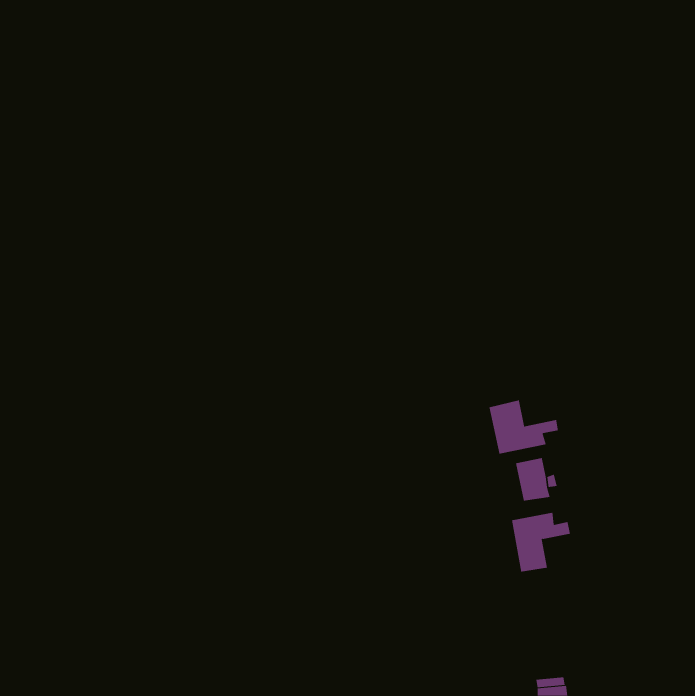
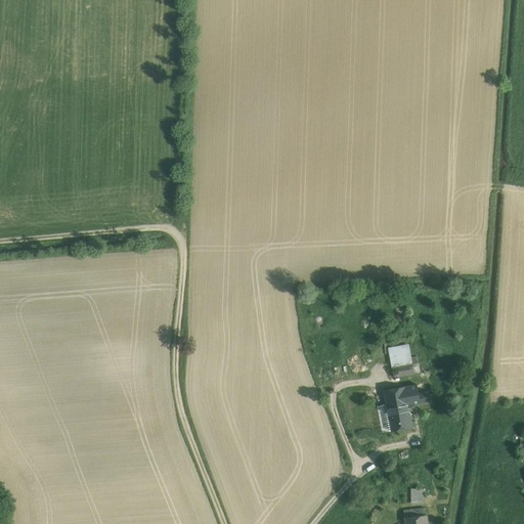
building: [489,400,559,454] -> none

